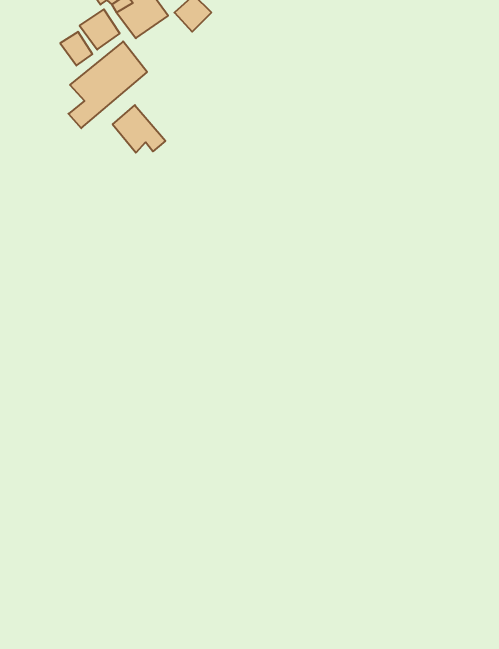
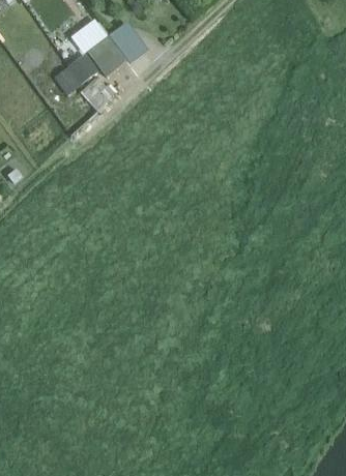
building: [113,105,165,153] -> none

